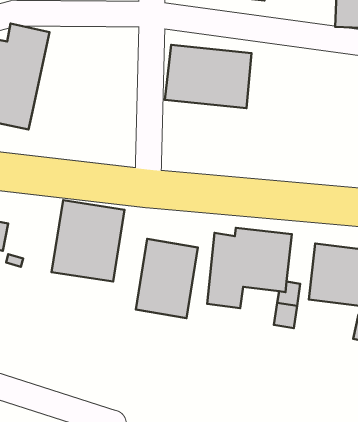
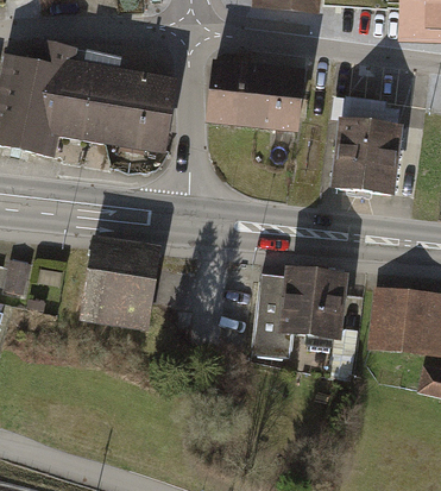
building: none -> [57,48,177,157]
building: none -> [334,96,405,196]
building: [136,239,198,318] -> none

